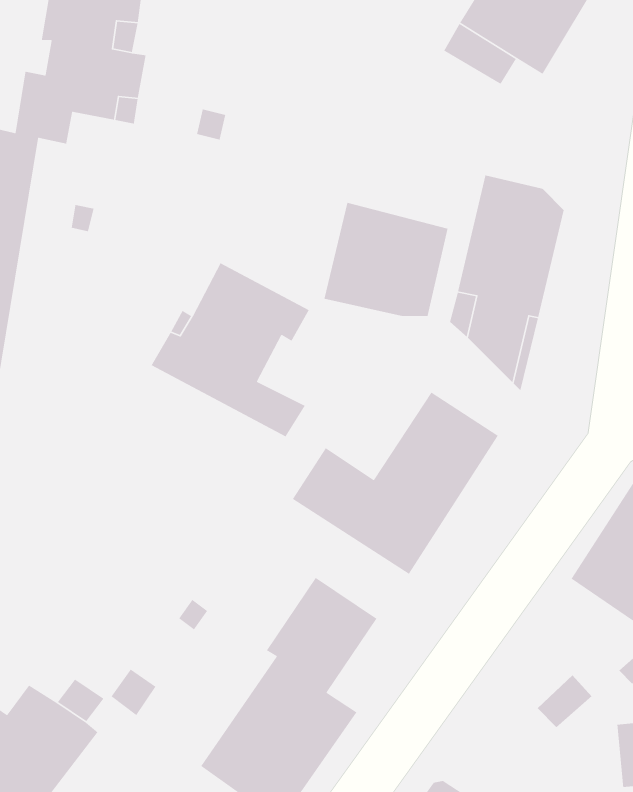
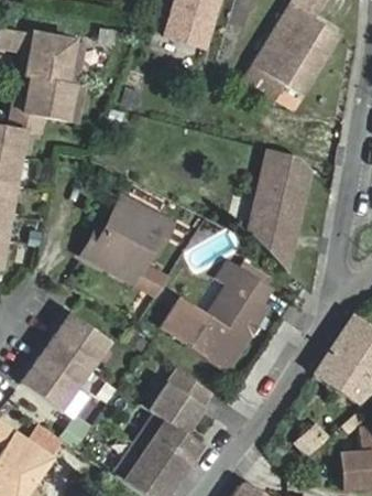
building: [324,202,448,317] -> none
building: none -> [21,315,108,411]

